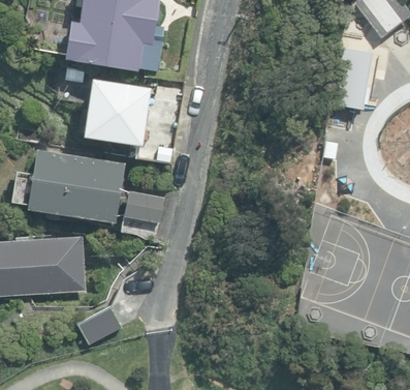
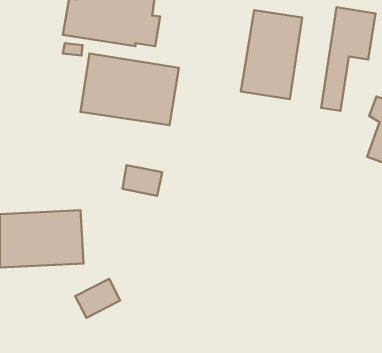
building: none -> [241,10,302,99]
building: [28,149,126,223] -> none

